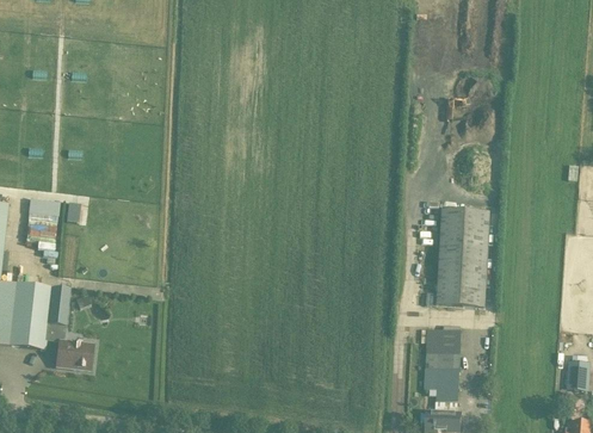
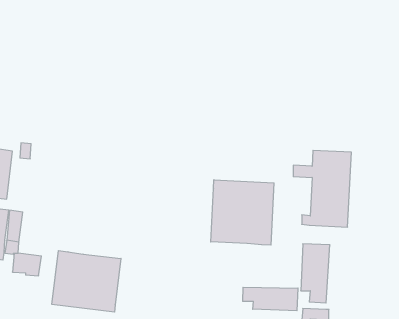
building: none -> [211,180,274,245]
building: none -> [52,251,121,312]
building: none -> [243,287,298,311]

